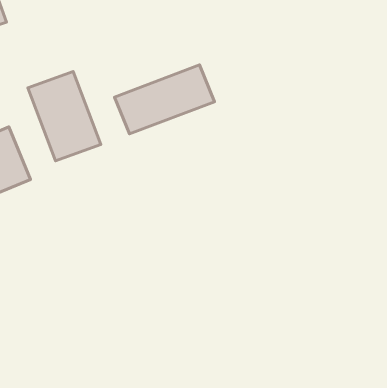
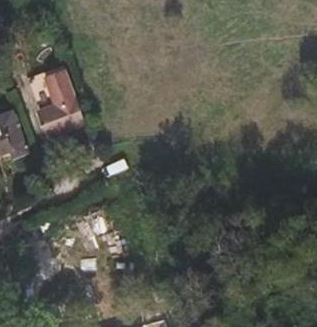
building: [114,65,214,134] -> none

